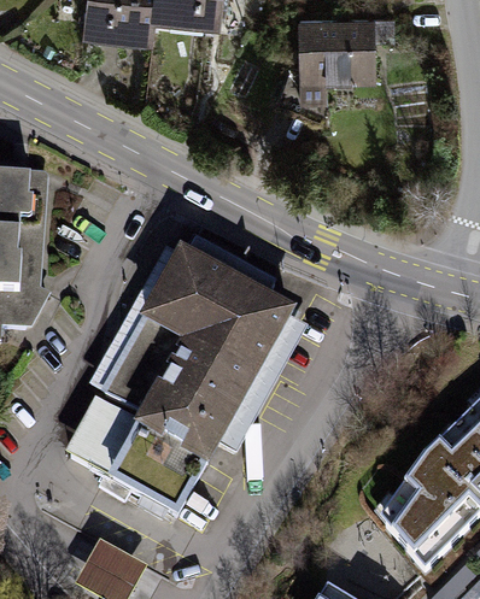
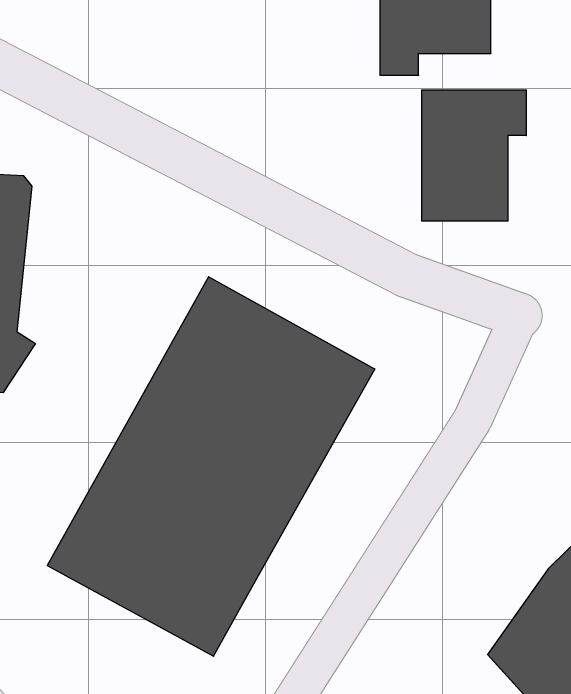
building: none -> [422,90,526,221]

